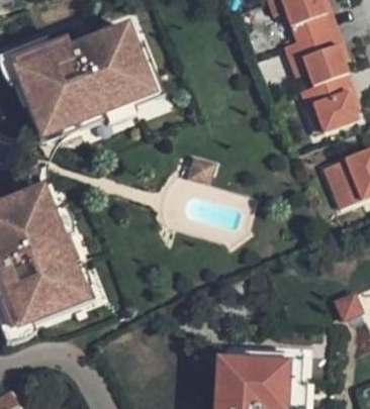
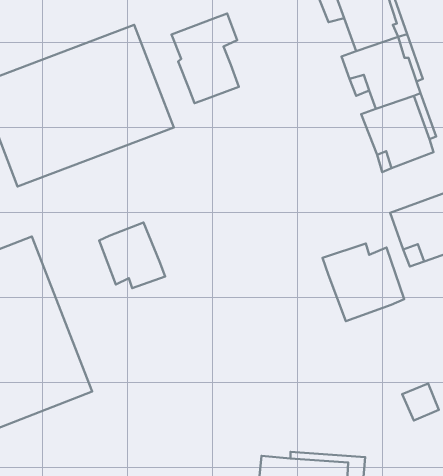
building: none -> [171,14,239,103]
building: none -> [99,222,165,288]
building: none -> [322,243,404,321]

